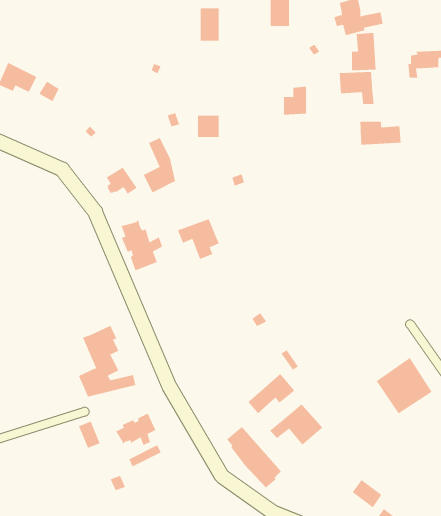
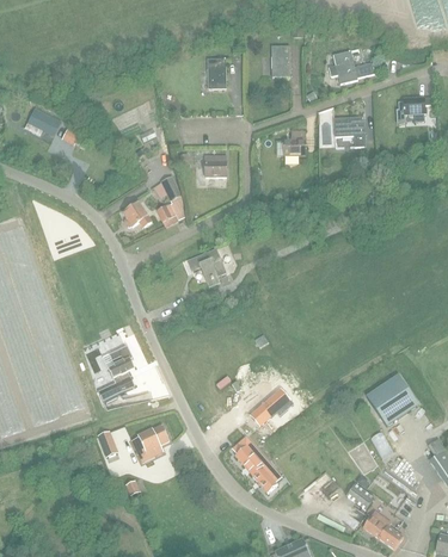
building: [351,32,376,71] -> none
building: [360,121,401,146] -> none
building: [121,219,163,271] -> none
building: [269,403,323,445] -> none

